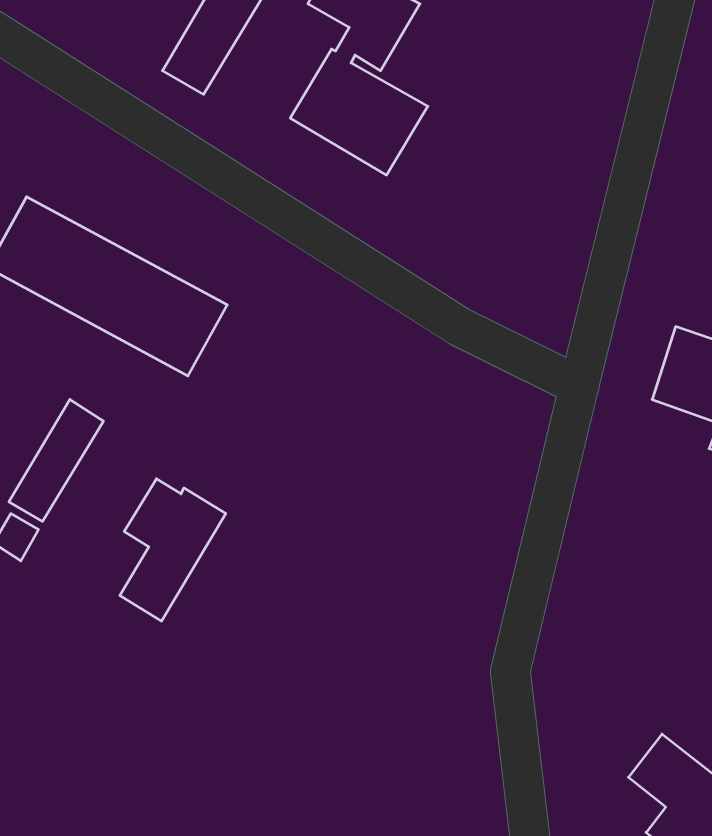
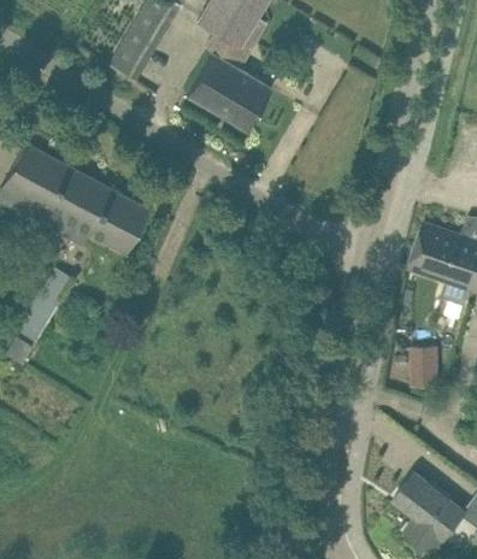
building: [120,479,226,621] -> none
building: none -> [408,346,436,386]

